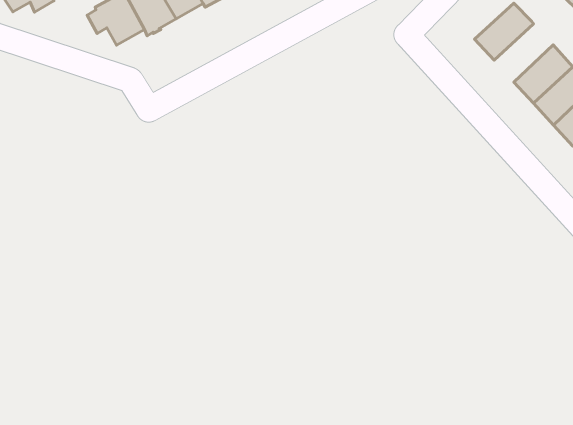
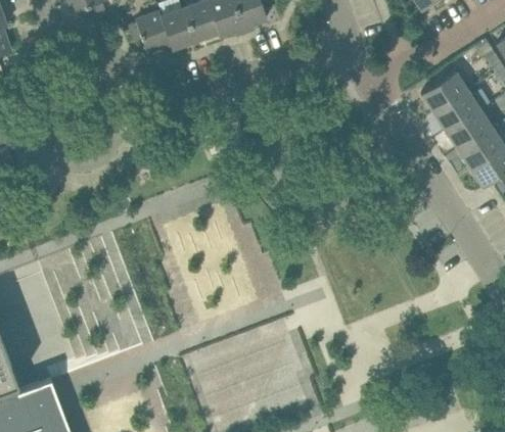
building: none -> [432,90,479,132]

